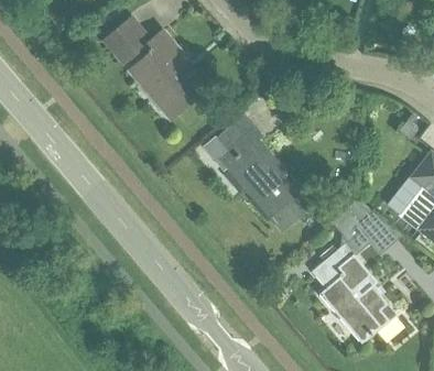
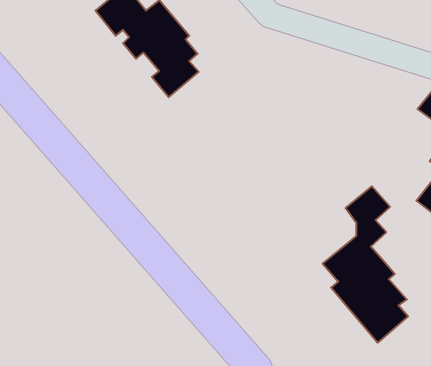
building: [217,113,311,229] -> none

